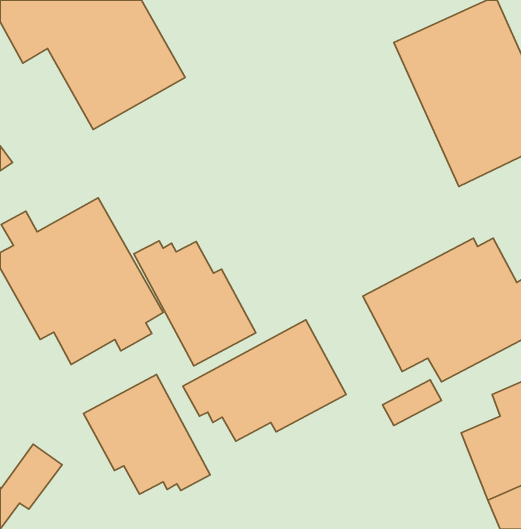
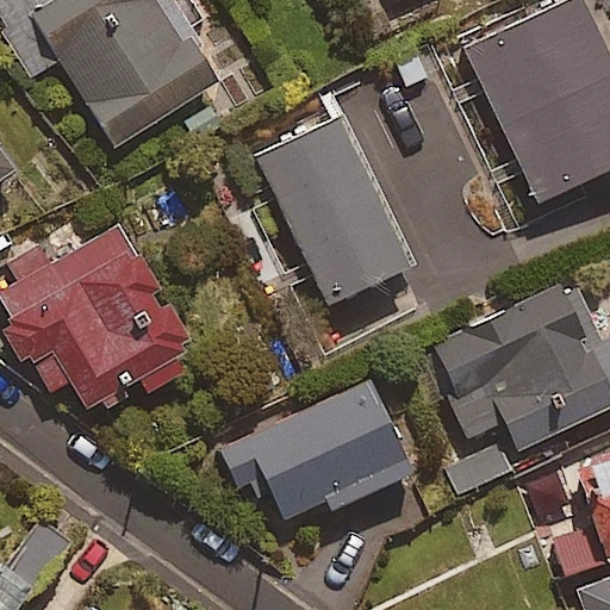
building: none -> [260,119,413,312]
building: [134,241,256,366] -> none
building: [84,375,210,494] -> none

